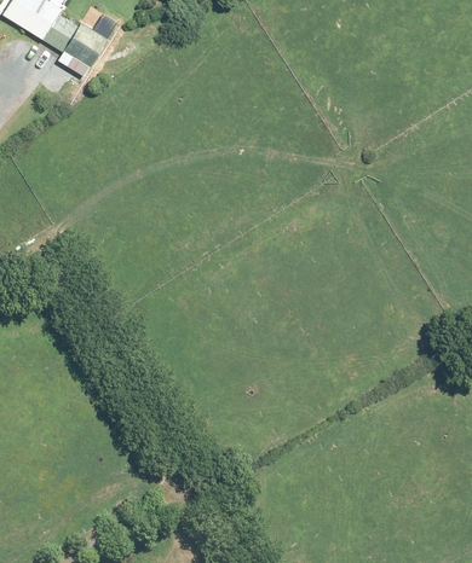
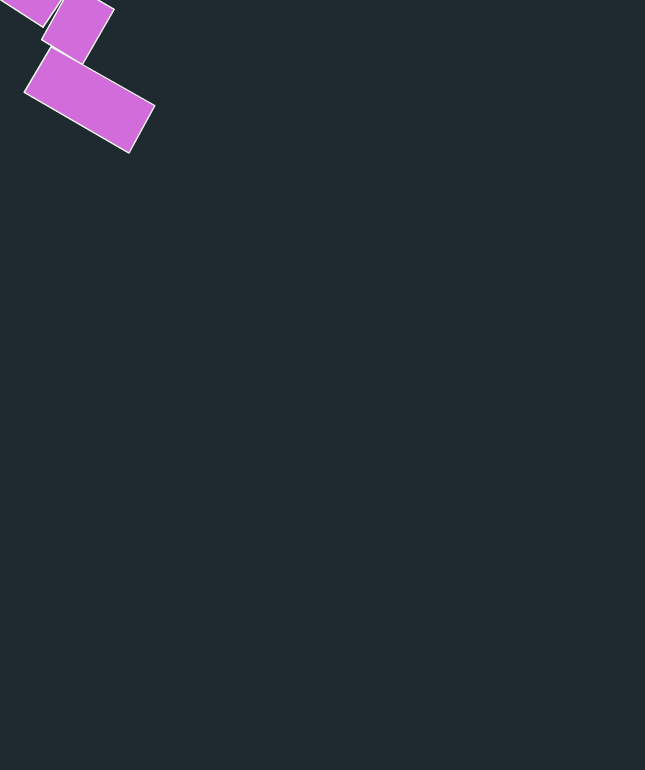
building: none -> [24,47,155,153]

